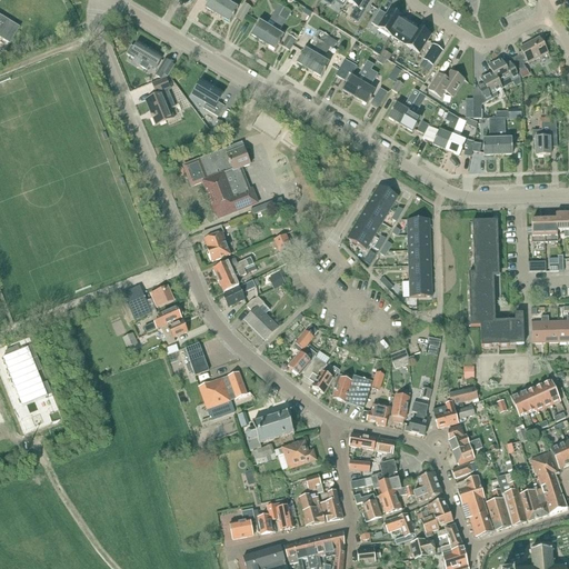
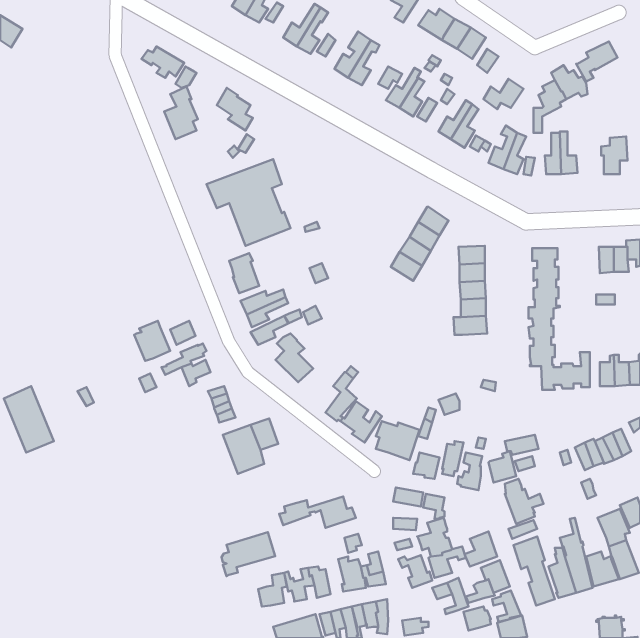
building: [246,411,293,450] -> [221,532,275,576]

